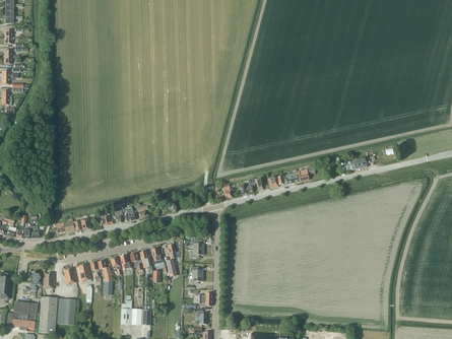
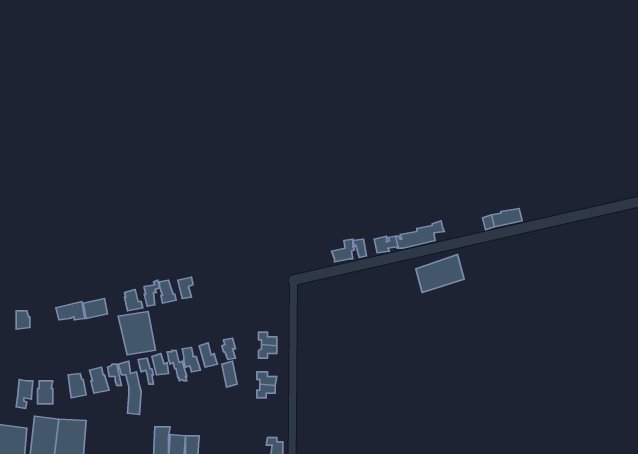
building: none -> [416,255,464,292]
building: none -> [118,311,155,355]

